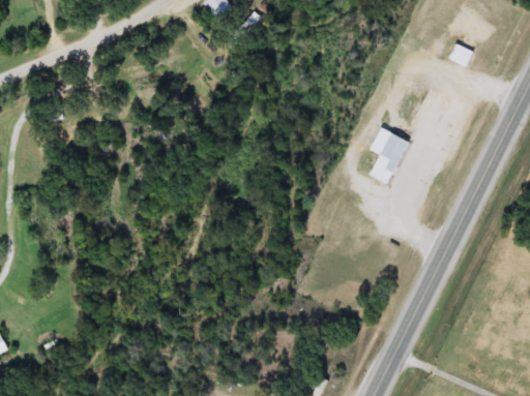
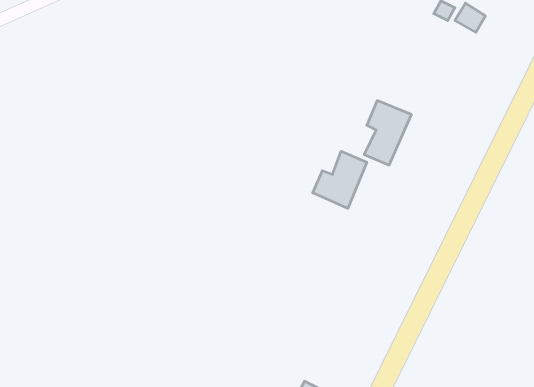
building: none -> [313,151,367,208]

